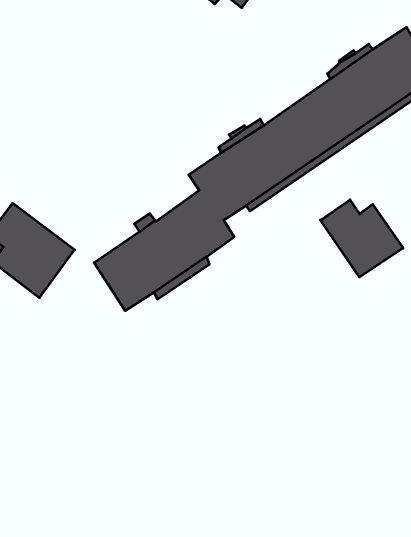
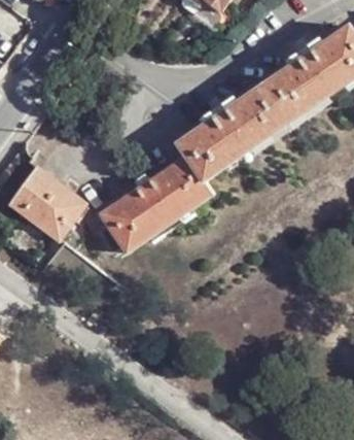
building: [320,200,403,277] -> none

